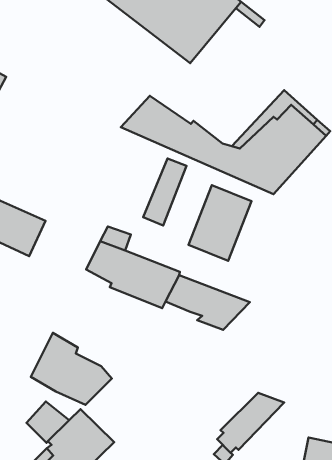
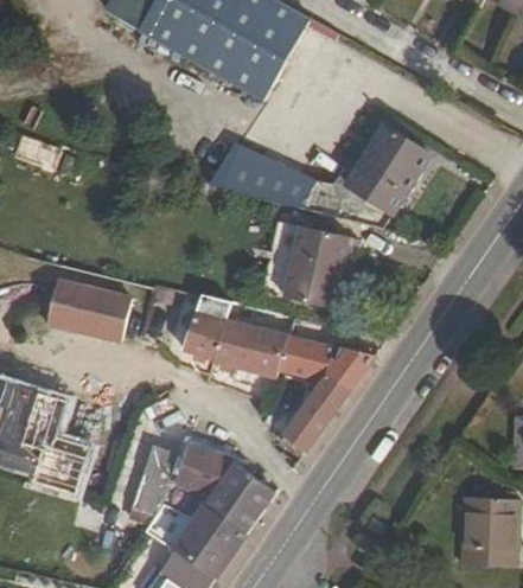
building: [143,159,186,226] -> [270,225,310,301]
building: none -> [203,464,276,536]
building: [217,393,284,453] -> [280,384,349,456]

